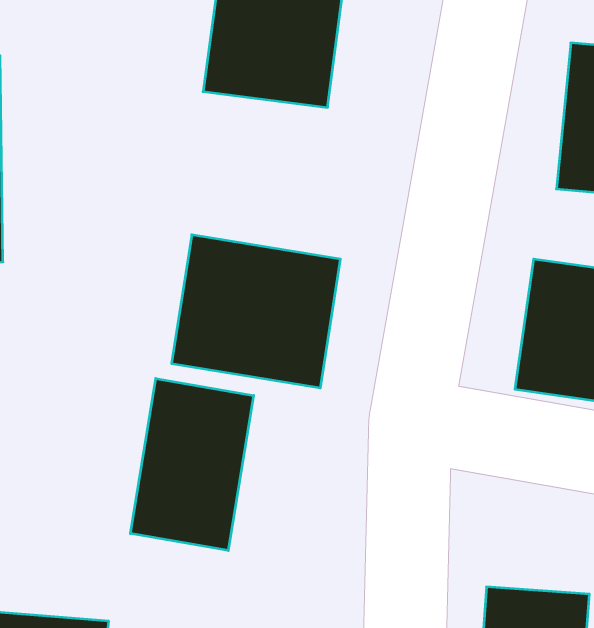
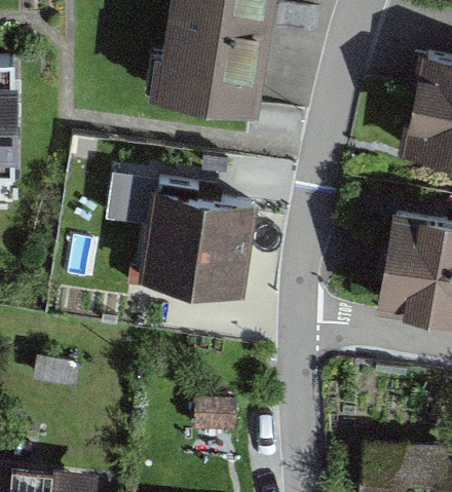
building: [130,378,254,551] -> none

